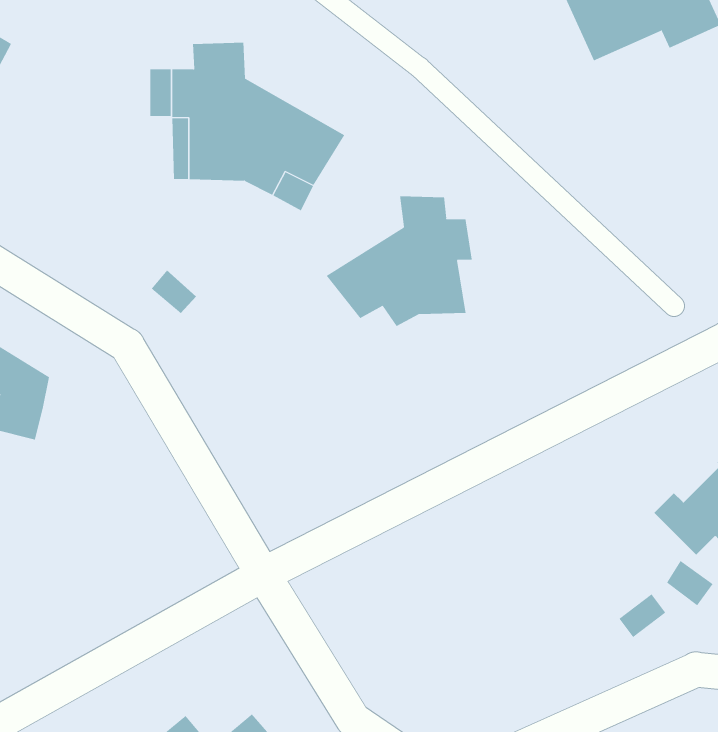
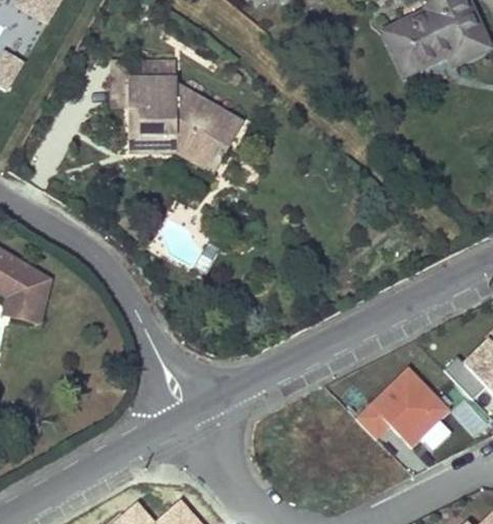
building: [326,196,472,327] -> none
building: none -> [355,365,450,445]

